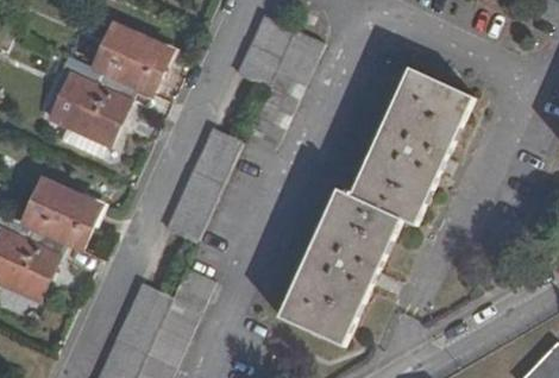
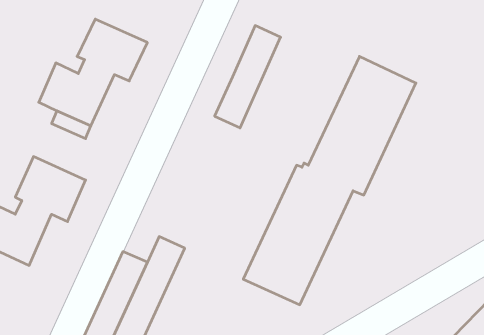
building: [238,14,294,88] -> none
building: [170,127,243,241] -> none

